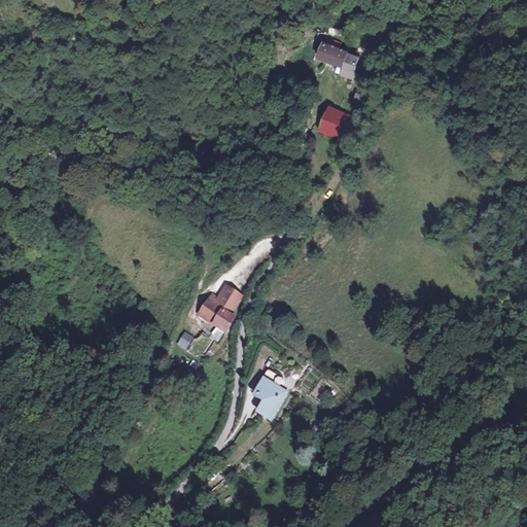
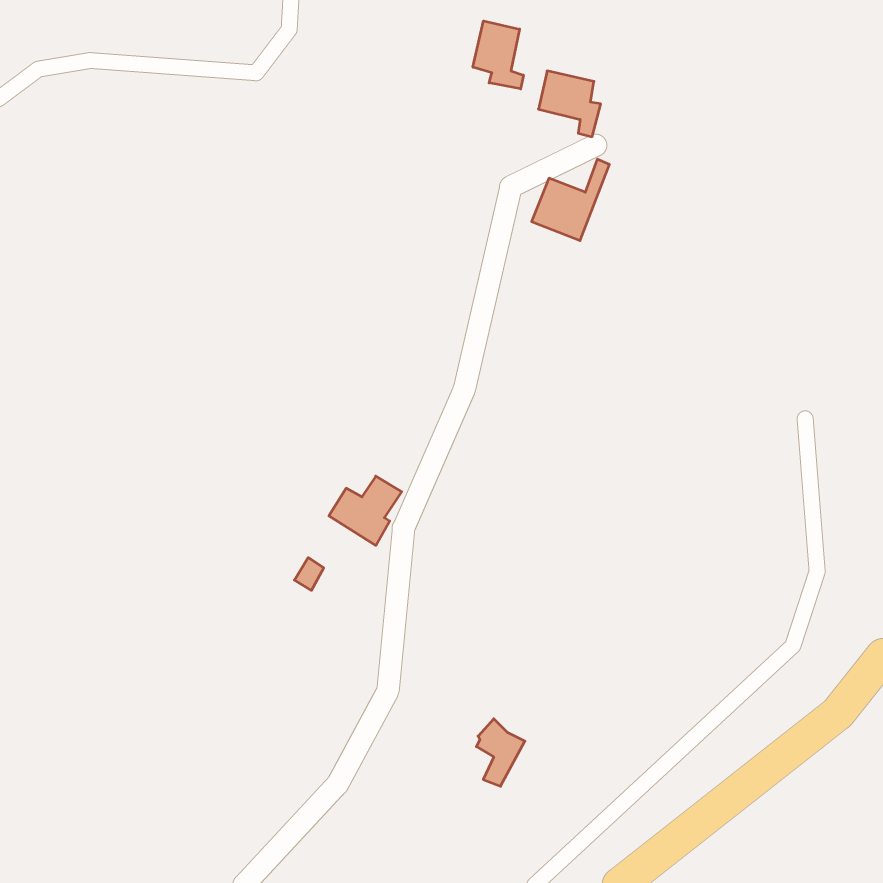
building: none -> [473,21,523,89]
building: [257,378,286,418] -> [476,719,525,786]

